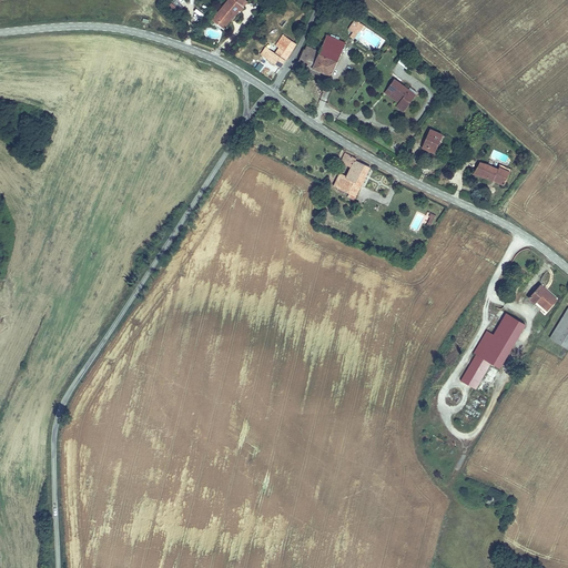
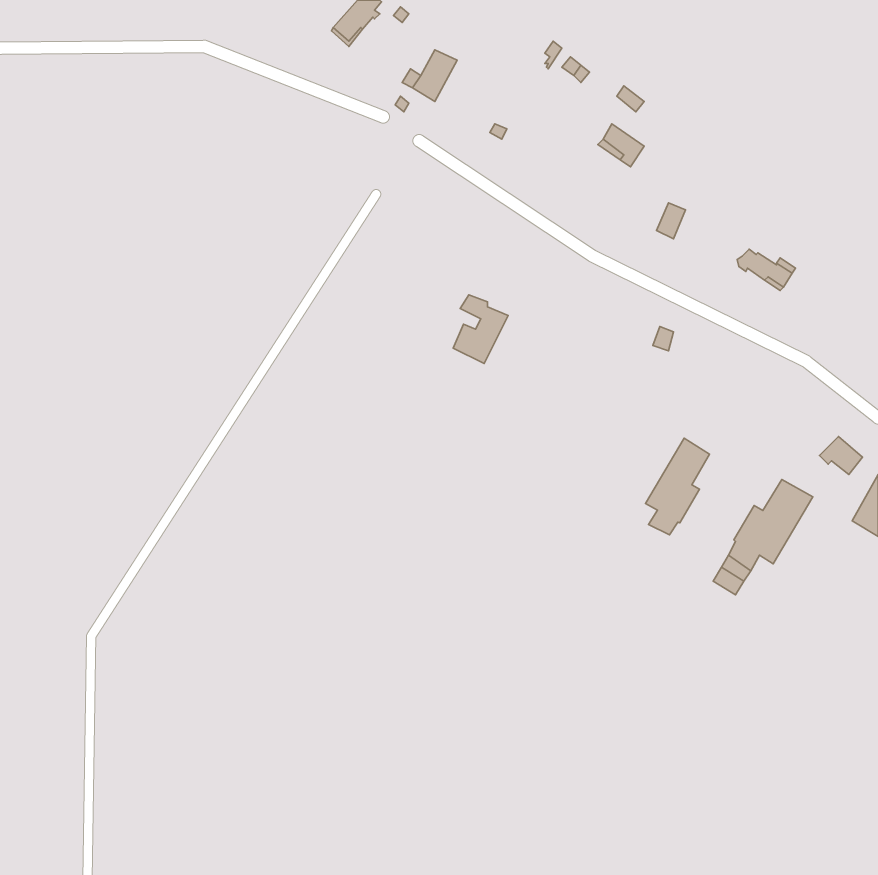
building: [297,37,345,75] -> none
building: [334,153,369,197] -> [453,295,508,364]
building: none -> [646,438,709,535]

